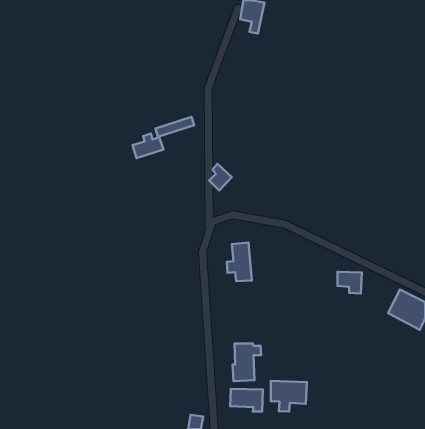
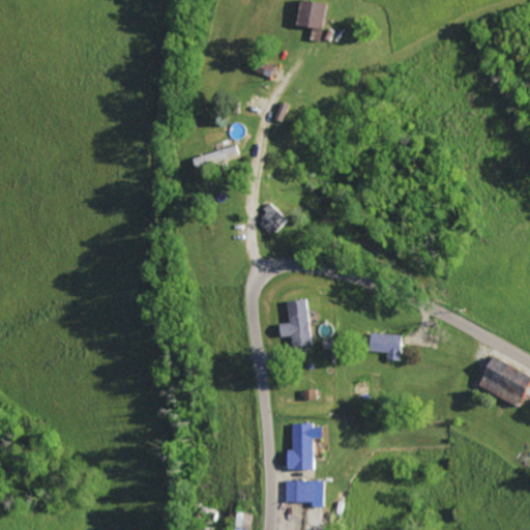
building: [132,134,164,158] -> none
building: [337,272,362,294] -> [371,333,401,360]
building: [271,381,307,412] -> none

